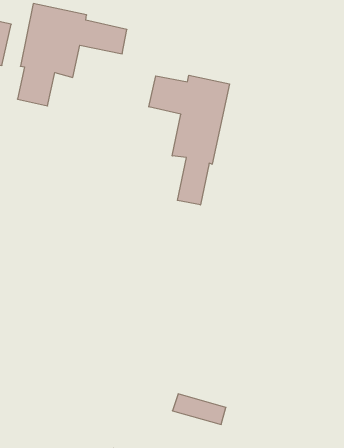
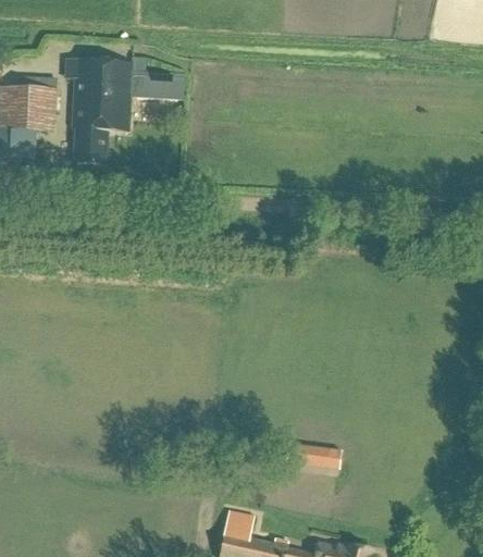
building: [149,75,229,205] -> none

